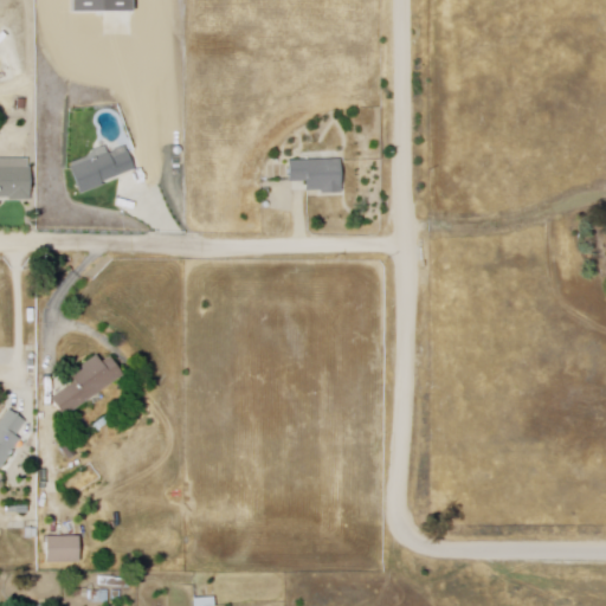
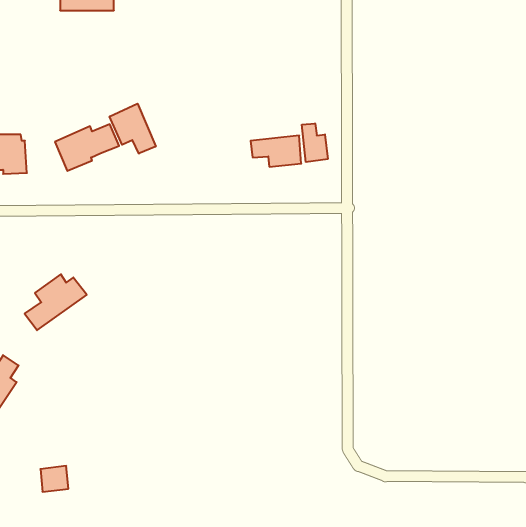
building: none -> [110,104,156,154]
building: none -> [302,123,328,162]
building: [54,350,125,414] -> [25,274,87,330]

